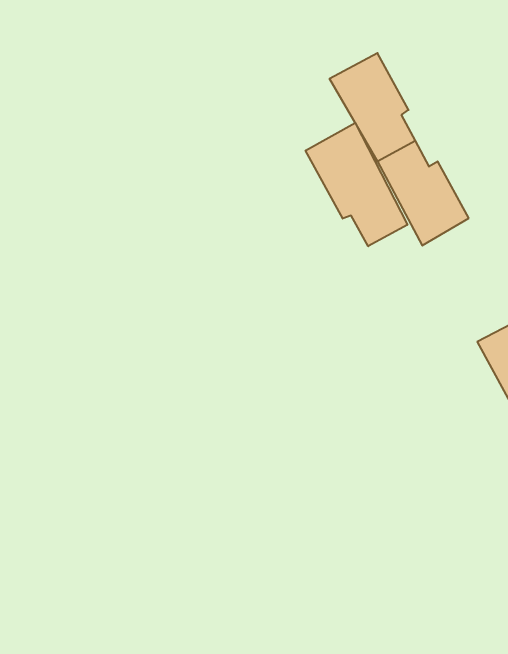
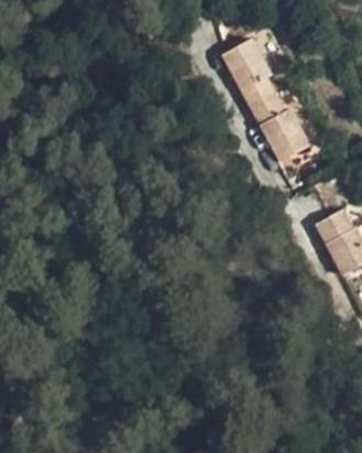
building: [306,123,407,246] -> none

